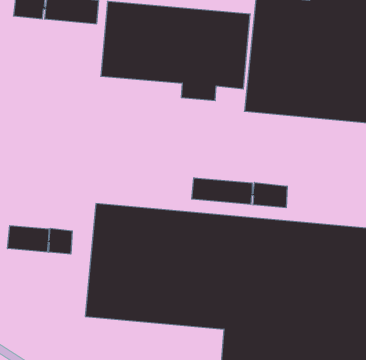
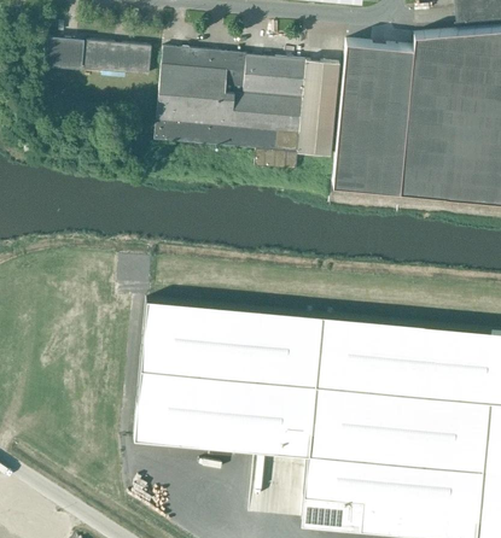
building: [192,178,287,208] -> none
building: [8,226,72,254] -> none

